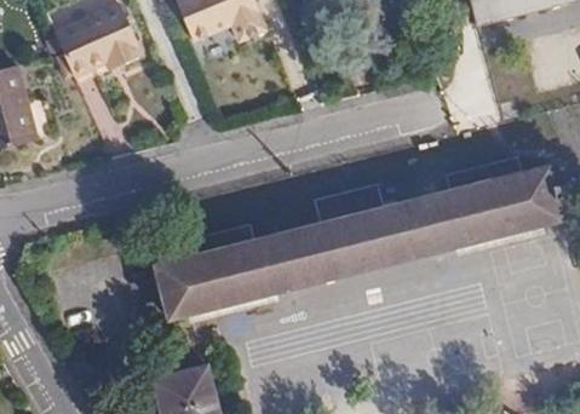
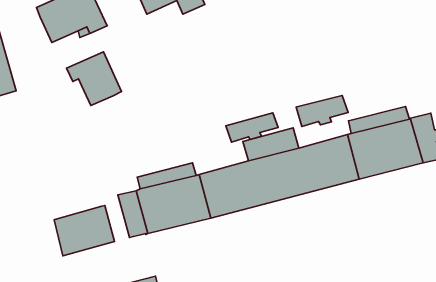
building: none -> [66,52,122,106]
building: none -> [296,95,348,127]
building: none -> [226,113,278,142]
building: none -> [54,205,115,256]

